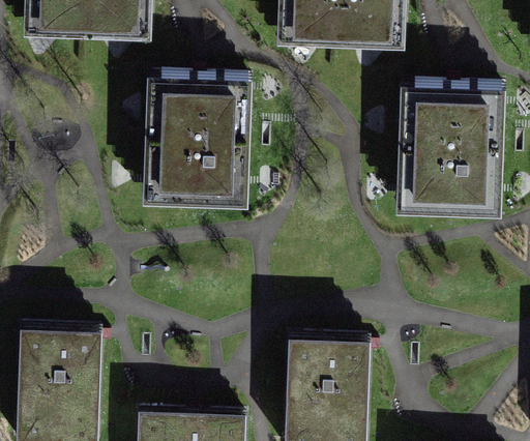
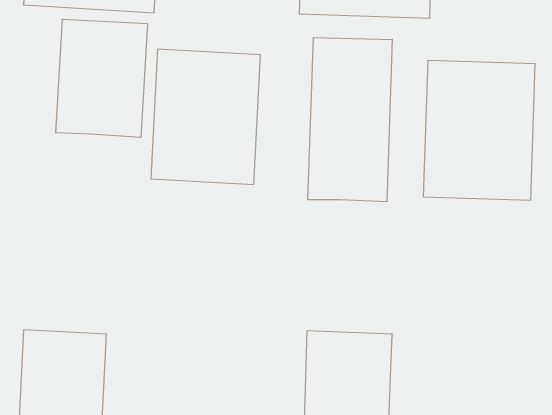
building: none -> [56,19,148,137]
building: none -> [308,37,392,202]

